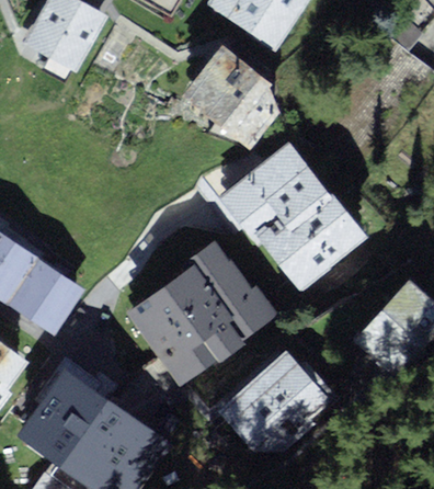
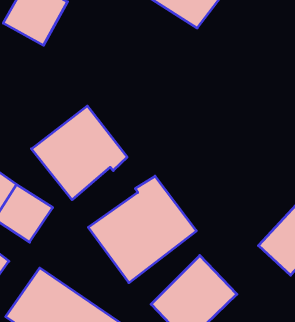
building: [178,47,281,151] -> none
building: [225,144,368,292] -> none
building: none -> [31,106,127,200]

